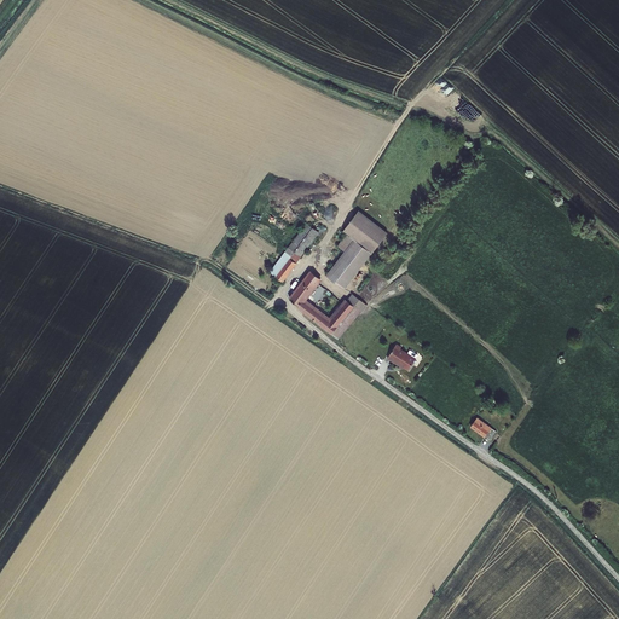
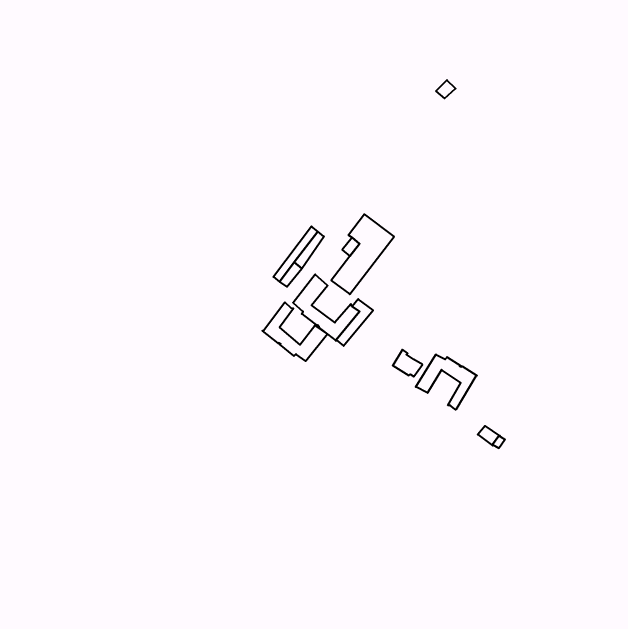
building: none -> [262,302,327,361]
building: none -> [416,354,477,410]

